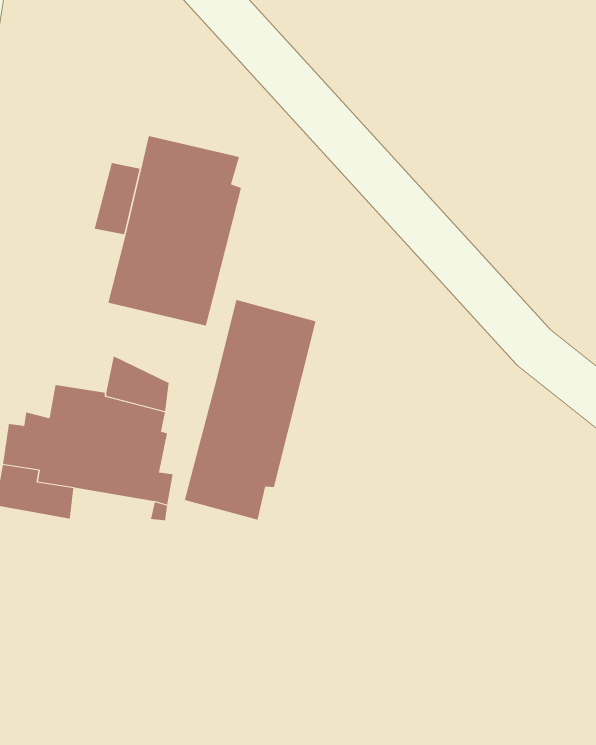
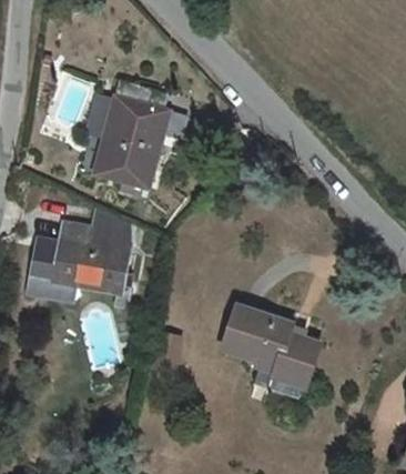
building: [184,299,316,521] -> none
building: none -> [221,307,318,387]

